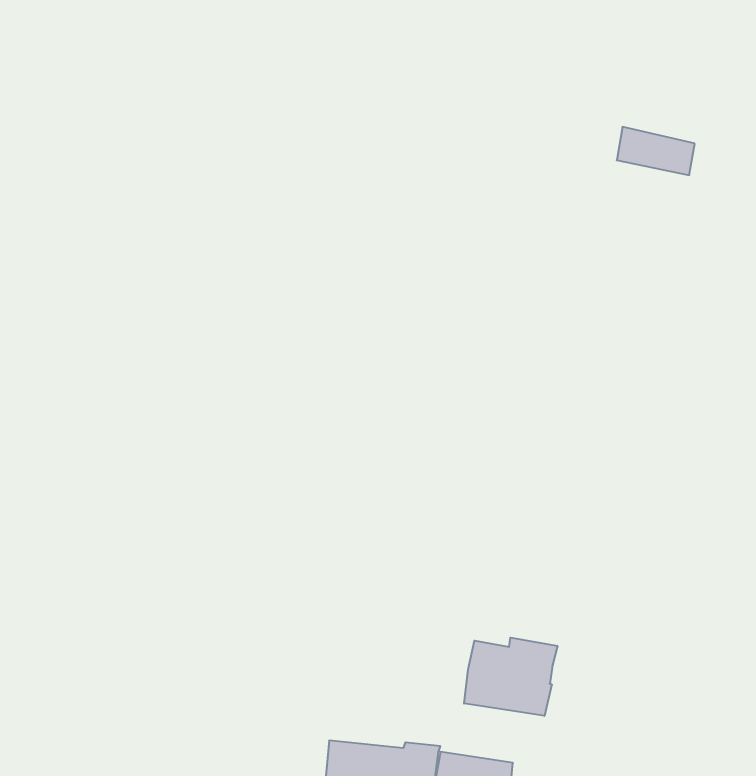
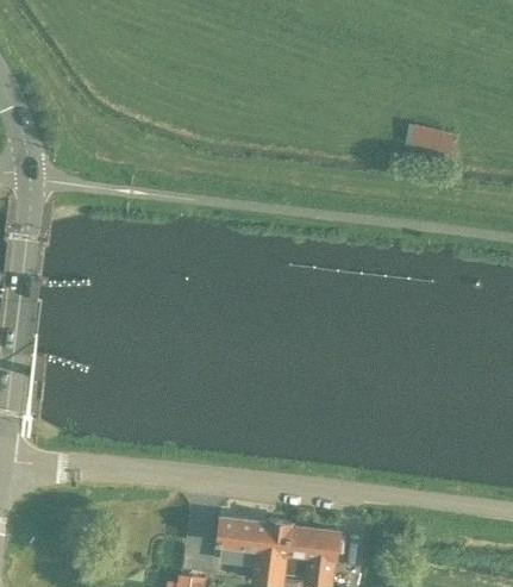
building: [464,638,557,716] -> none

